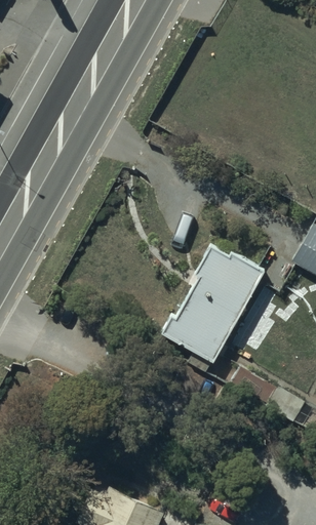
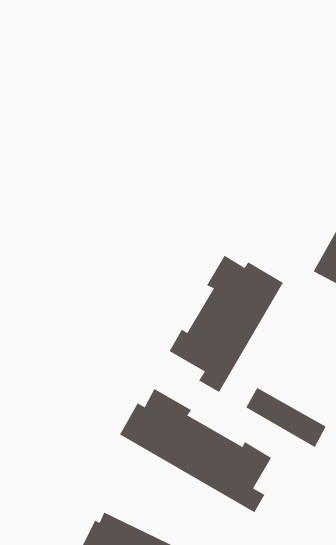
building: none -> [119,388,272,513]

